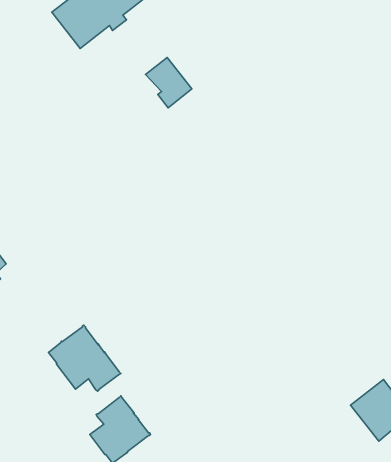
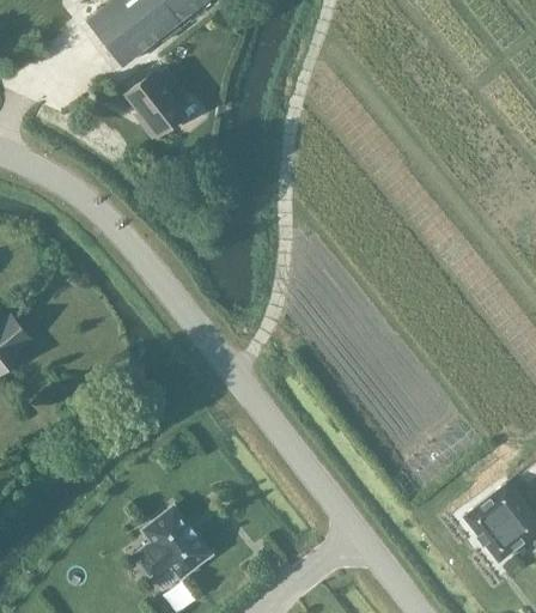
building: [146,58,192,108] -> [127,74,185,138]
building: [49,325,121,391] -> none

